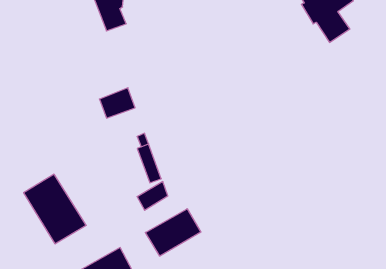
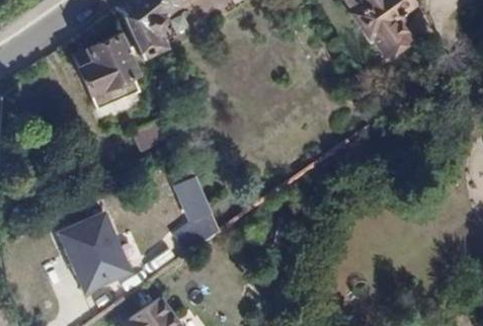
building: none -> [75,38,143,113]
building: [145,209,201,256] -> none

